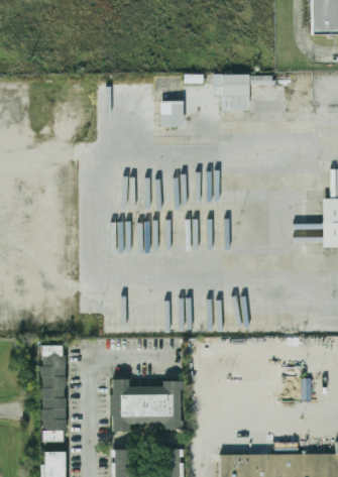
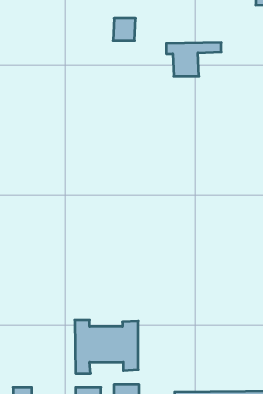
building: [157,103,182,127] -> [113,18,136,41]
building: [43,342,64,436] -> none

